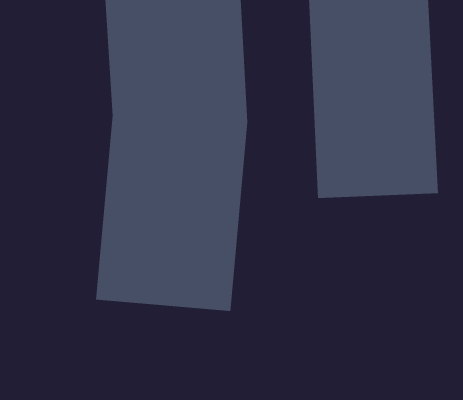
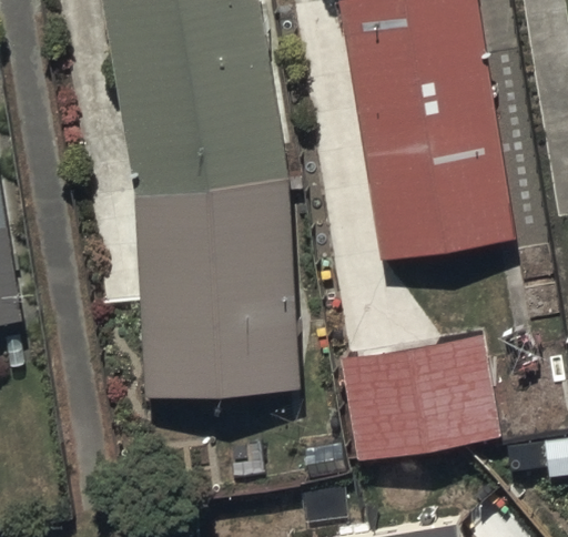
building: none -> [341,330,503,457]

